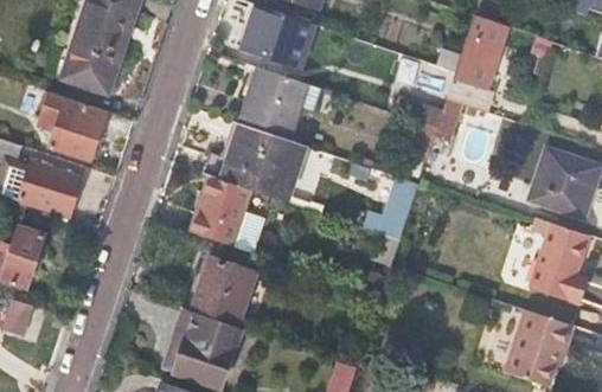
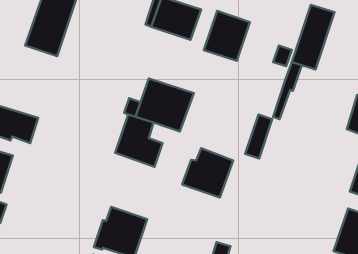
building: [239,66,306,139] -> [204,11,250,61]
building: [46,95,105,160] -> none
building: [182,256,256,327] -> [182,148,233,197]

